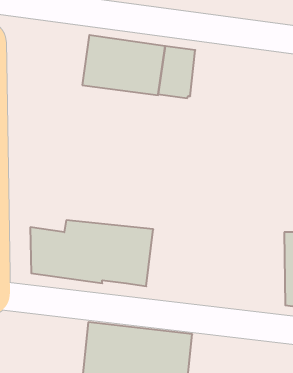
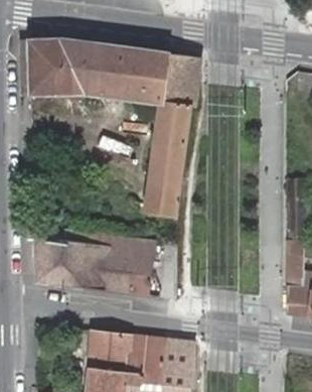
building: none -> [27,38,92,94]
building: none -> [145,102,190,219]

